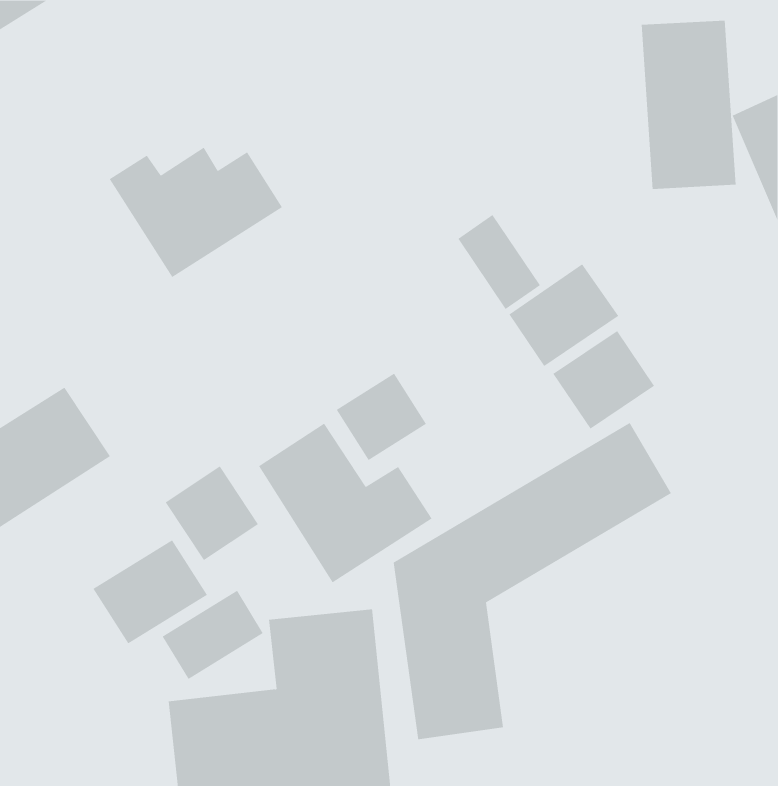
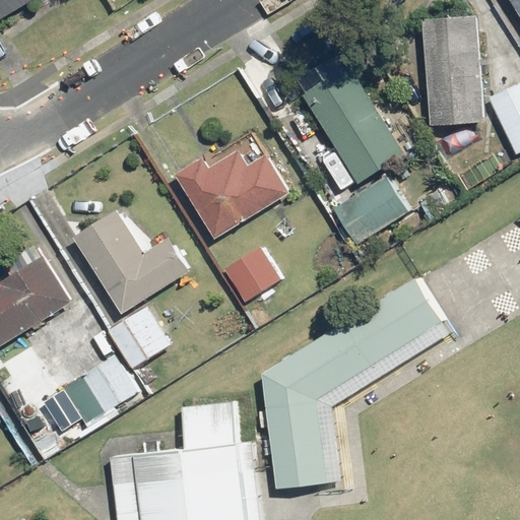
building: none -> [303,67,403,184]
building: [109,147,283,278] -> [174,151,288,238]
building: [553,330,655,430] -> none
building: [258,423,432,583] -> [73,210,188,316]
building: [162,590,264,680] -> none

